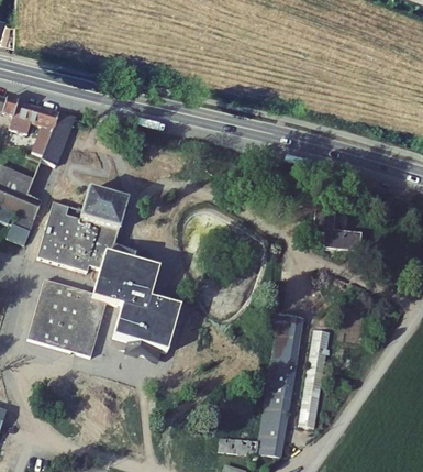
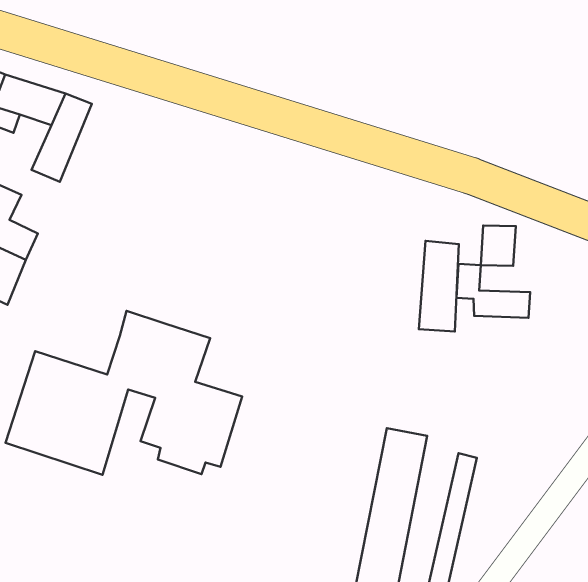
building: none -> [481,226,516,266]
building: none -> [419,241,459,331]
building: [40,193,129,268] -> none

